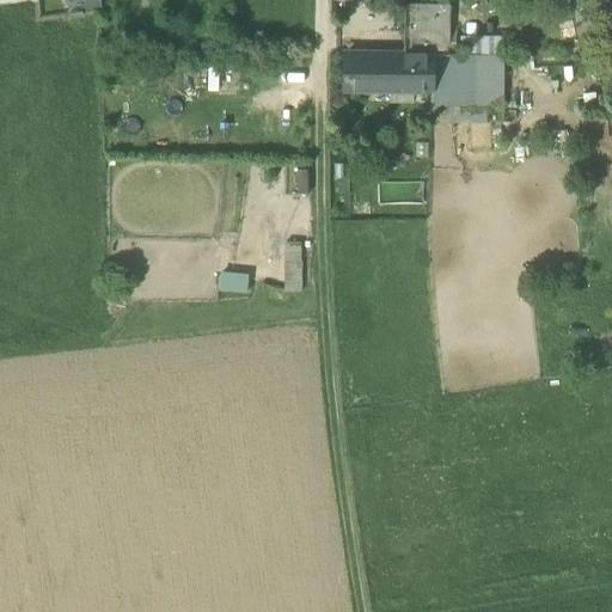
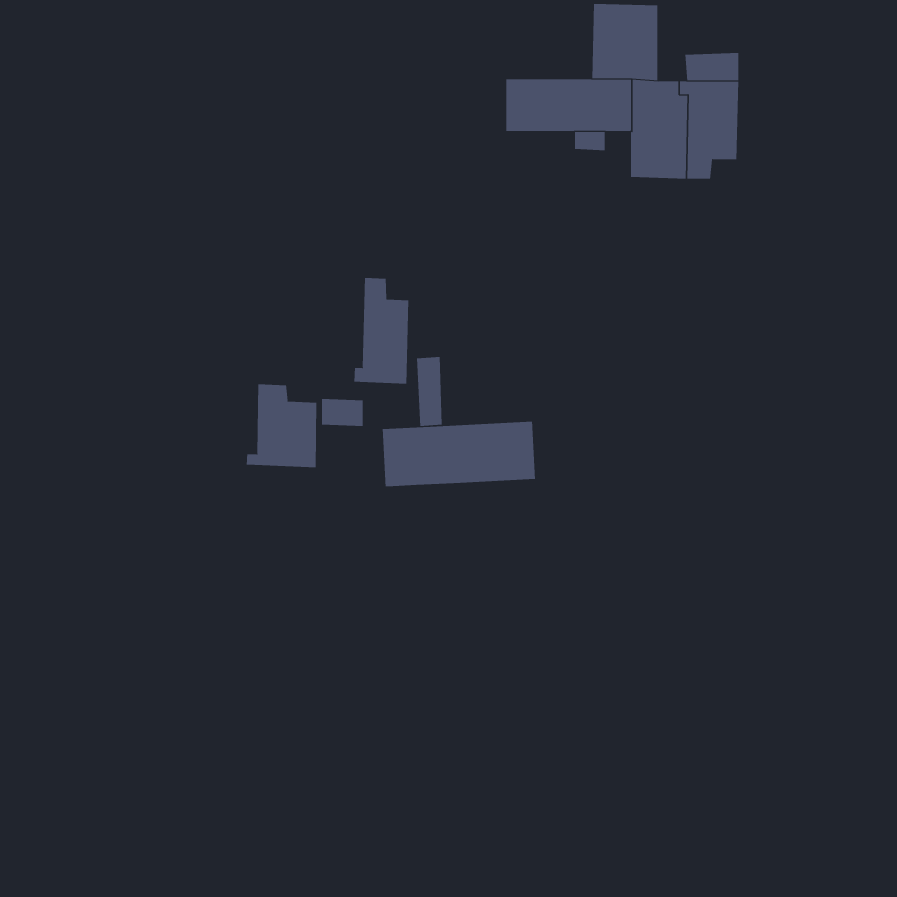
building: none -> [354,277,409,385]
building: none -> [246,384,317,468]
building: none -> [382,421,535,487]

